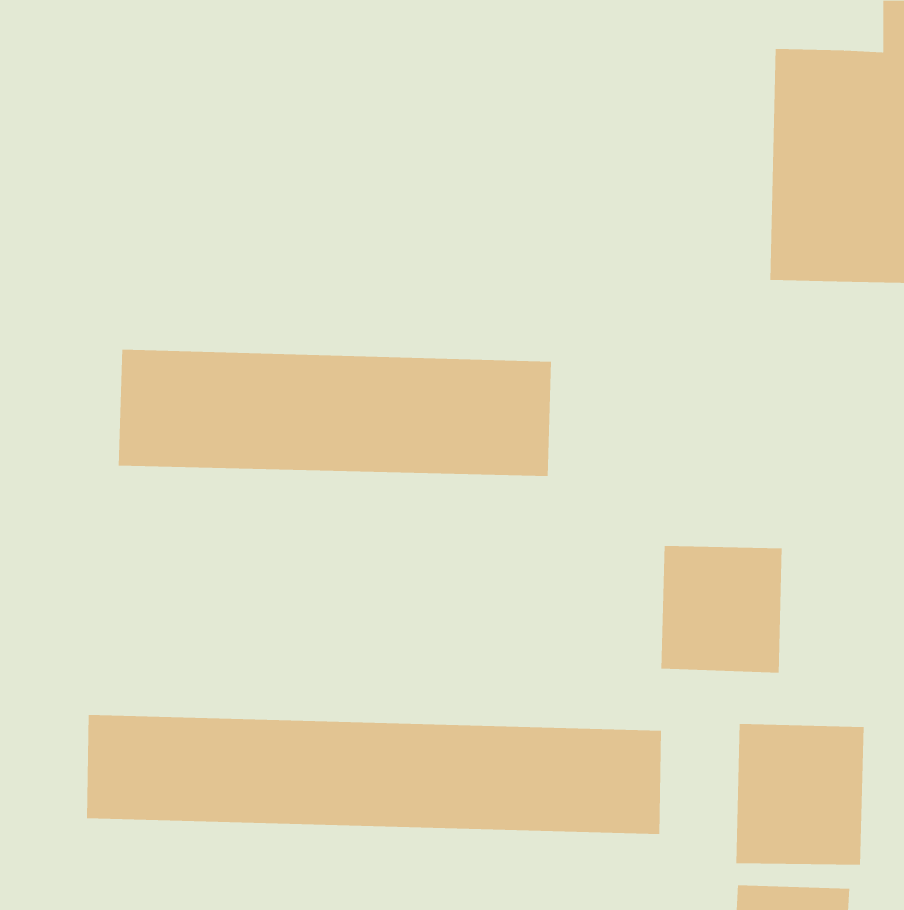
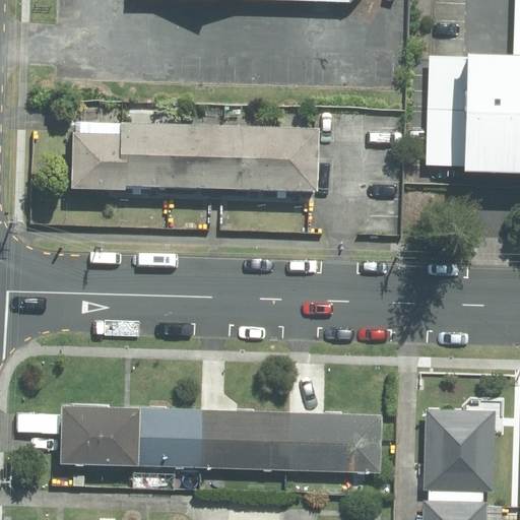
building: [118,349,552,477] -> [62,107,308,179]
building: [661,545,782,674] -> none

